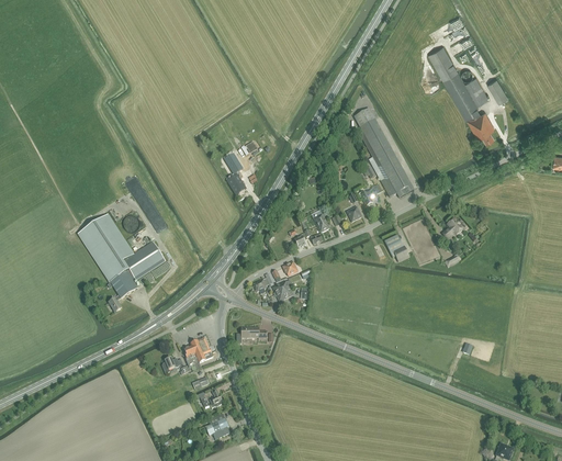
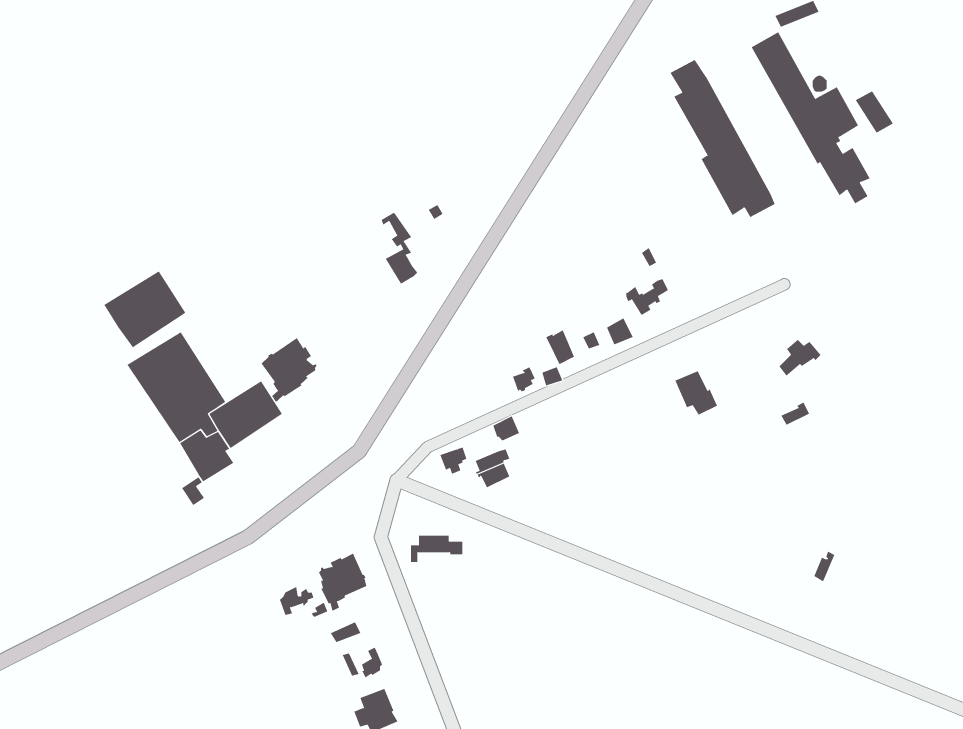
building: [355,108,414,196] -> [670,59,775,218]
building: none -> [103,270,186,348]
building: none -> [261,337,317,403]

